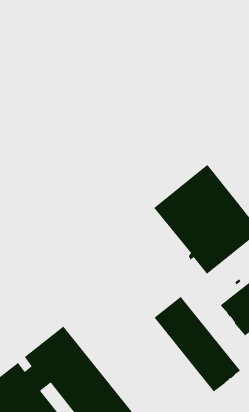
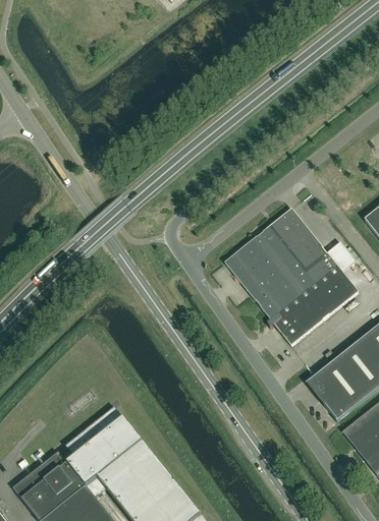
building: [154,296,242,393] -> none

